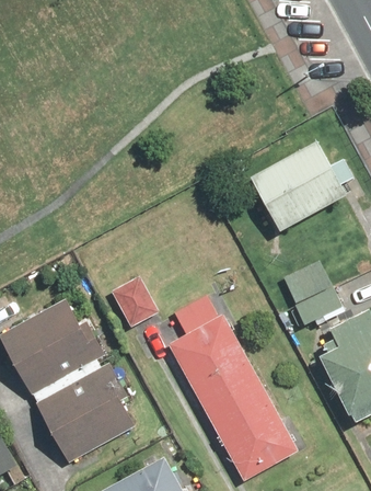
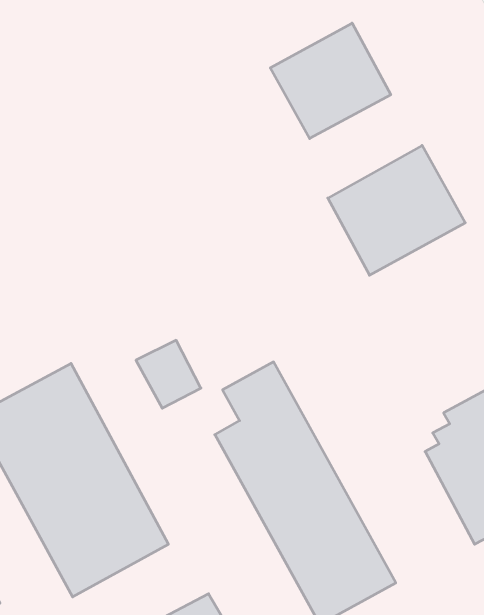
building: none -> [270,23,391,139]
building: [285,263,343,324] -> none

